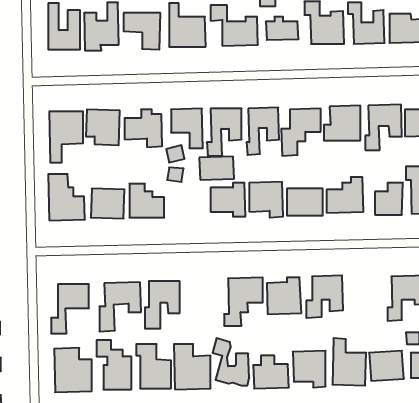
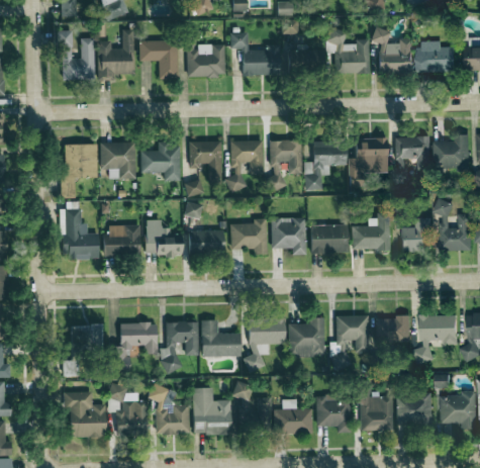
building: [199,157,234,180] -> [188,229,224,254]
building: none -> [376,317,410,343]
building: none -> [201,319,241,357]

